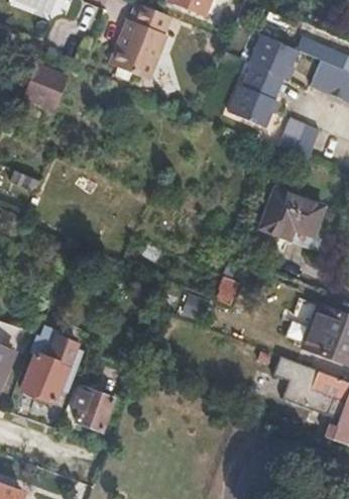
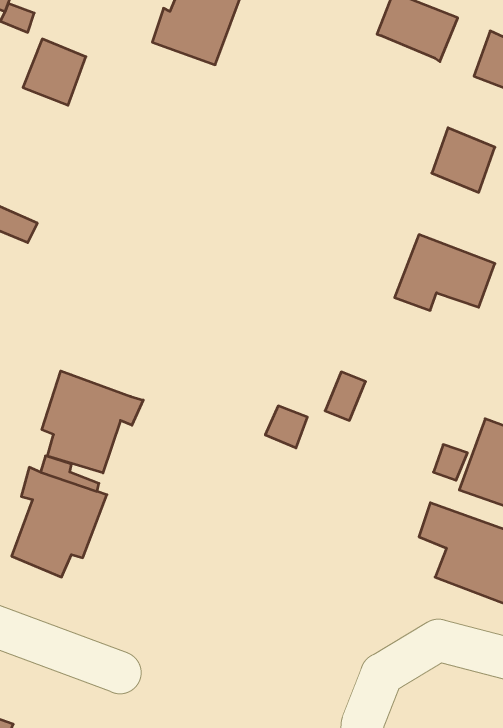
building: [228,63,285,128] -> none
building: none -> [42,371,143,473]
building: [74,389,125,428] -> none

